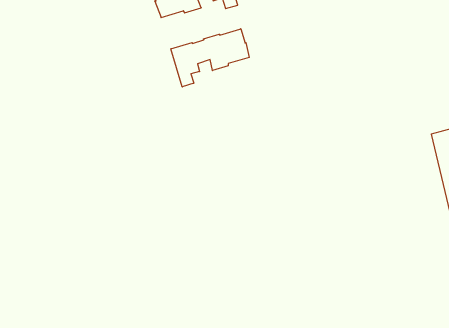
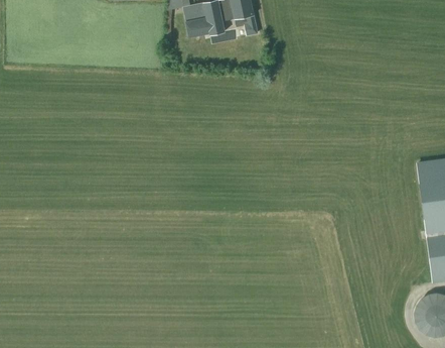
building: [171,29,249,87] -> none

